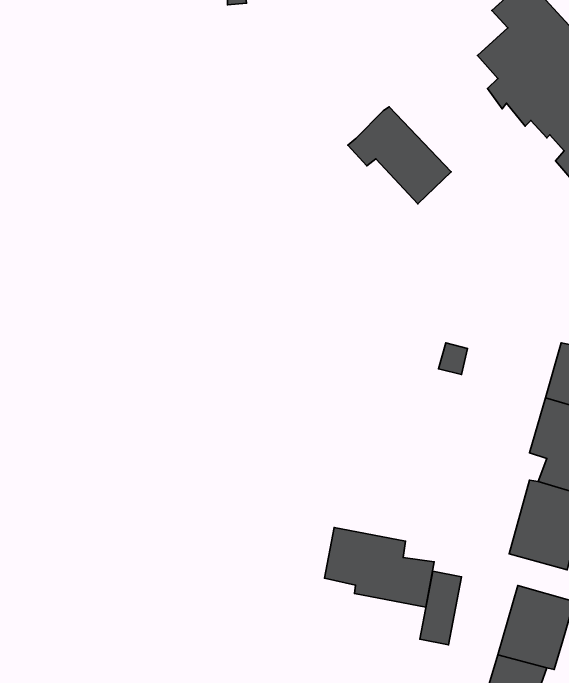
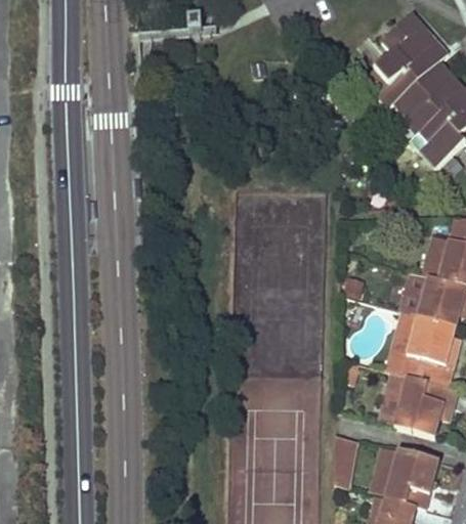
building: [348,107,451,204] -> none
building: [324,528,434,607] -> none

